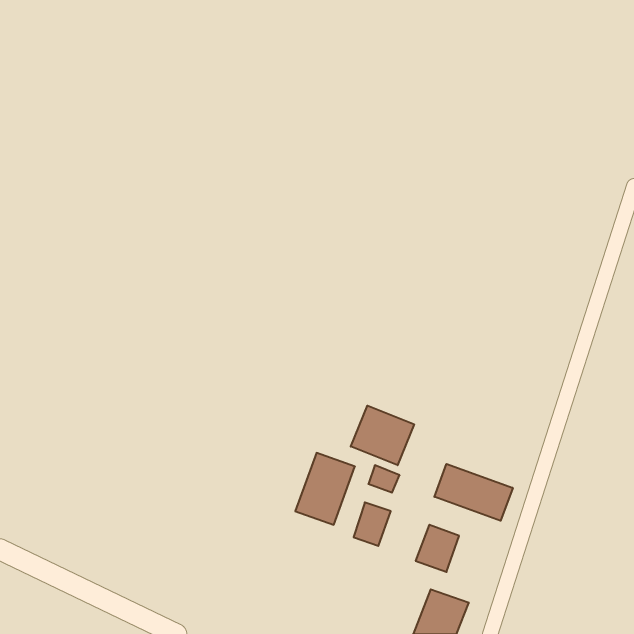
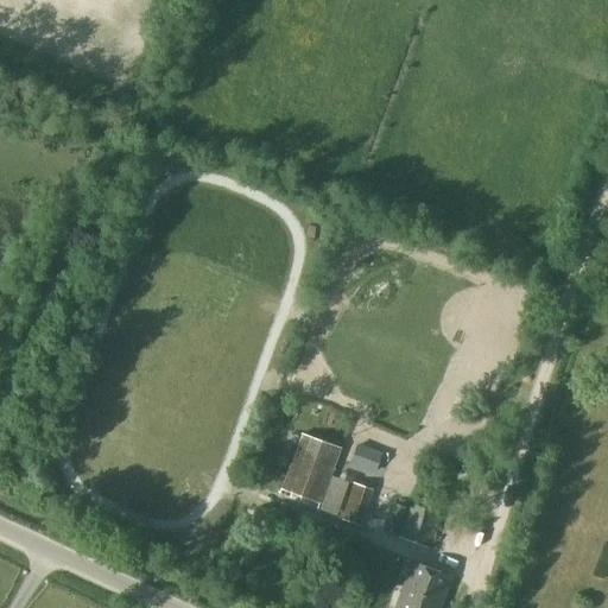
building: [351,406,414,465] -> none
building: [434,464,513,521] -> none

